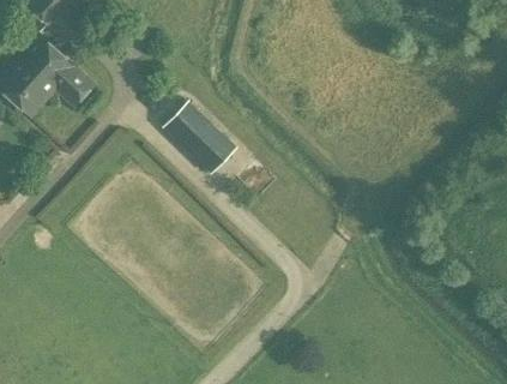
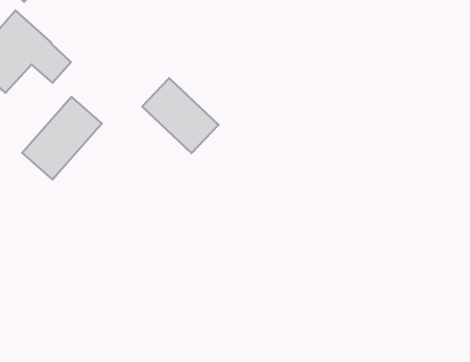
building: none -> [22,97,102,179]

